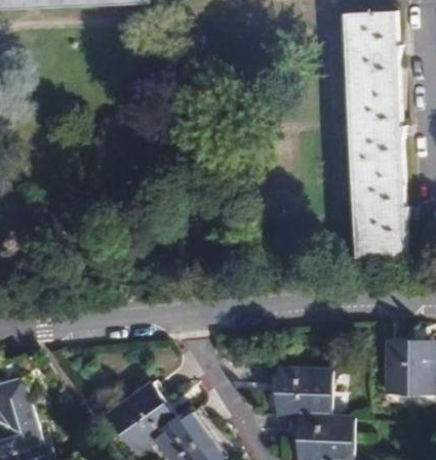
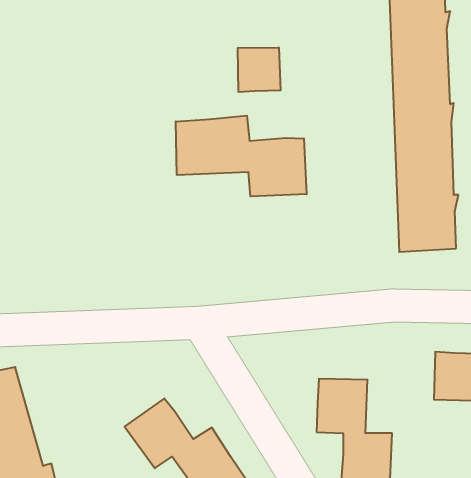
building: none -> [238,47,281,92]
building: none -> [176,116,307,196]

